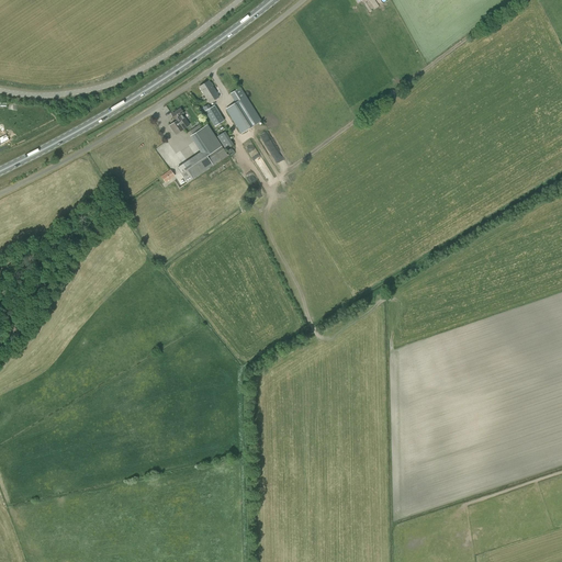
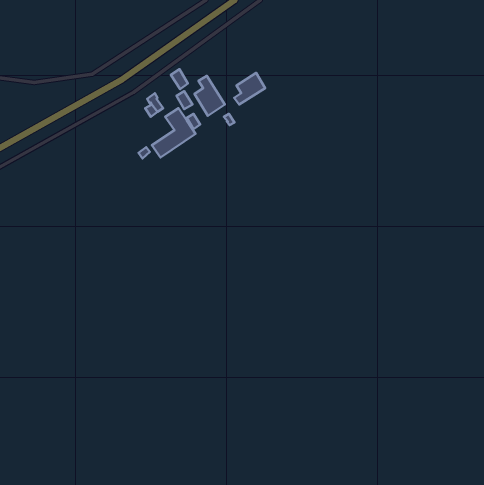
building: none -> [234,73,265,105]

